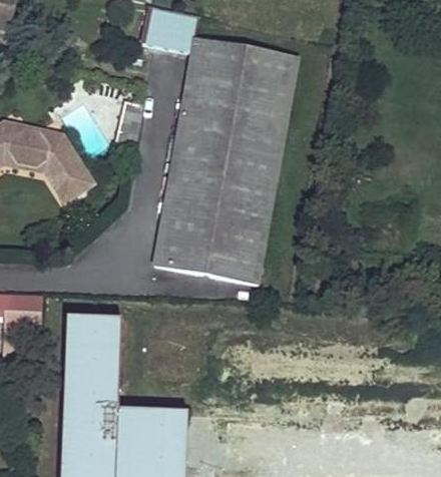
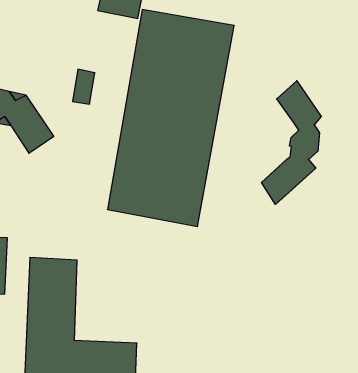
building: none -> [262,81,321,204]

